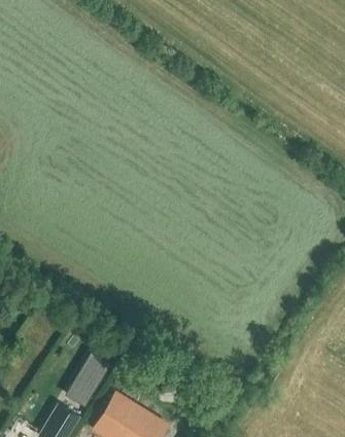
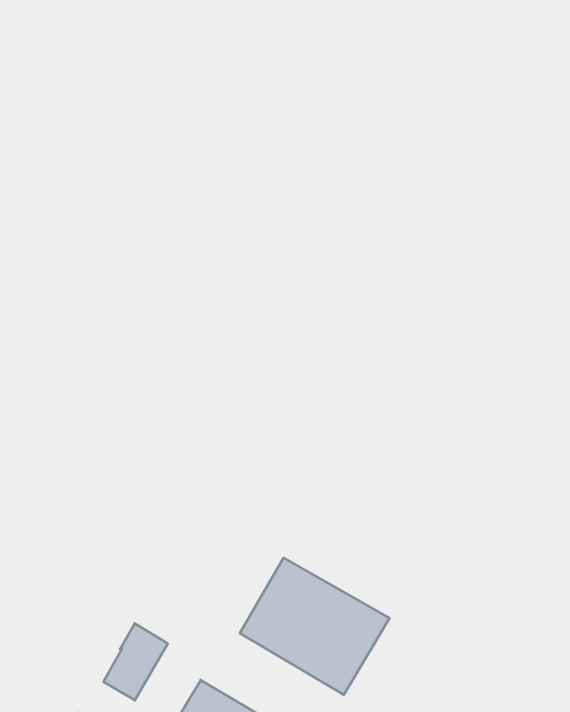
building: none -> [240,558,389,695]

